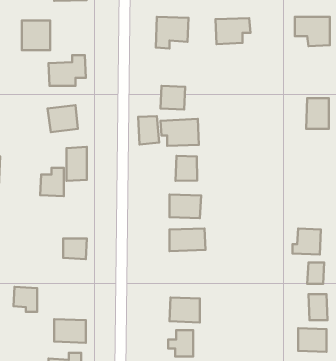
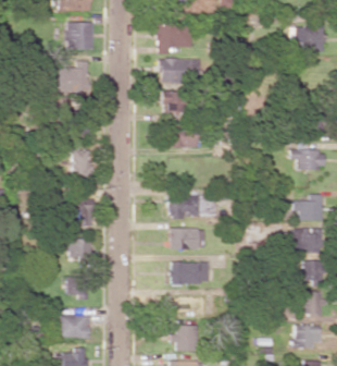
building: [215,18,250,44] -> [160,58,194,83]
building: [22,21,50,50] -> [66,22,93,50]
building: [138,116,159,145] -> none
building: none -> [291,150,325,169]
building: [176,156,197,181] -> none
building: [40,168,64,196] -> [71,199,93,227]
building: none -> [294,194,324,220]
building: none -> [171,261,210,284]
building: [14,287,37,312] -> [66,276,89,300]

